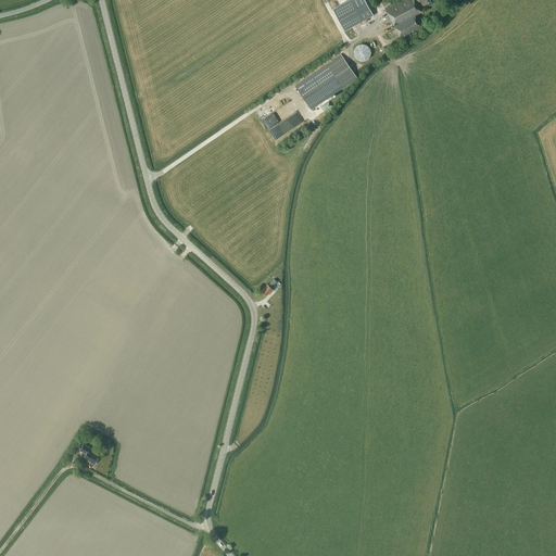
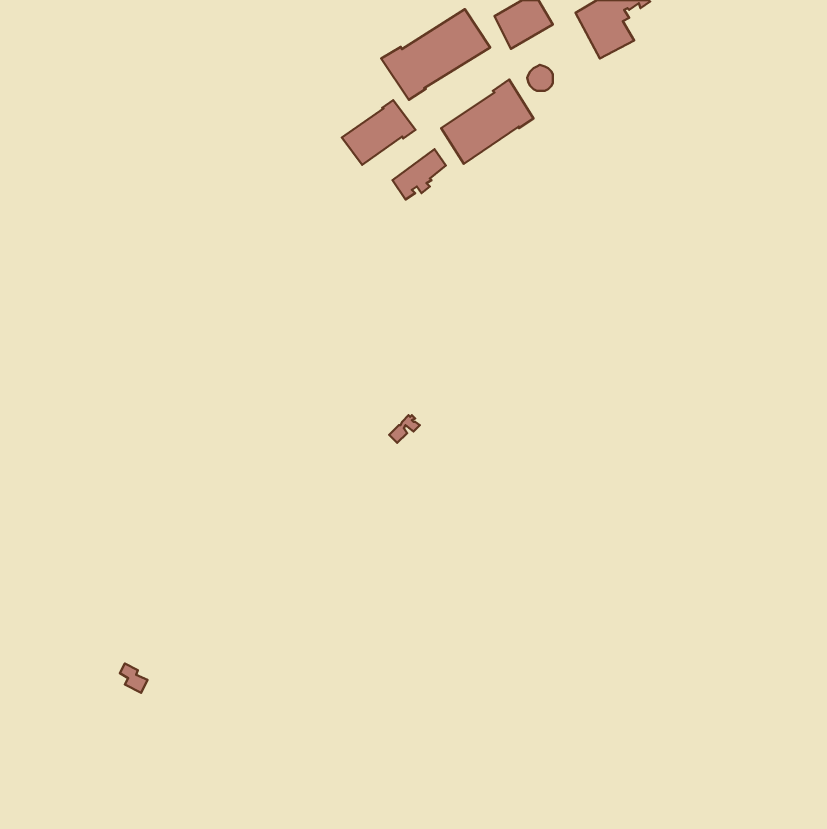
building: none -> [381,9,490,100]
building: none -> [342,100,415,165]

